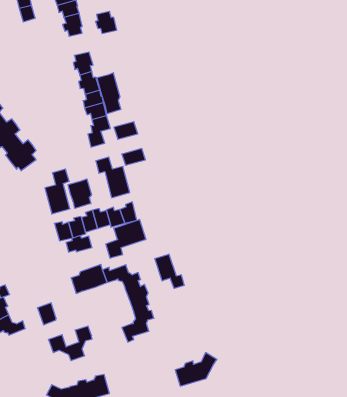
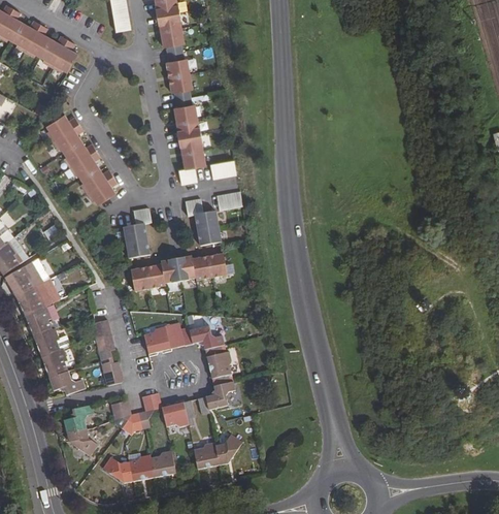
building: [95,11,117,33] -> [165,52,189,76]
building: [97,73,121,114] -> none
building: [68,179,91,208] -> none
building: [106,219,146,258] -> none
building: [66,236,92,252] -> none
building: [155,254,184,288] -> none
building: none -> [91,320,114,353]
building: none -> [161,399,195,426]
building: none -> [64,405,97,455]
building: [175,353,217,386] -> [193,432,242,469]

